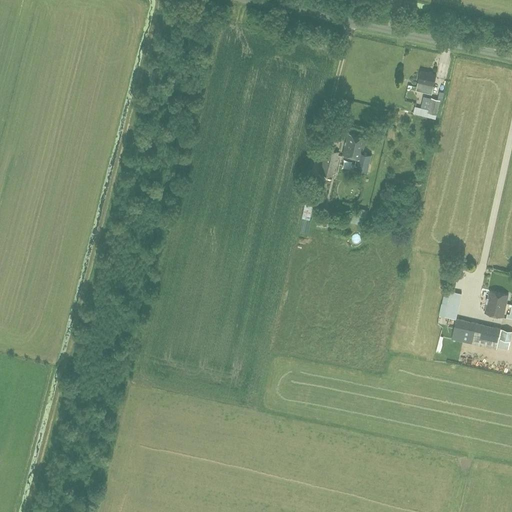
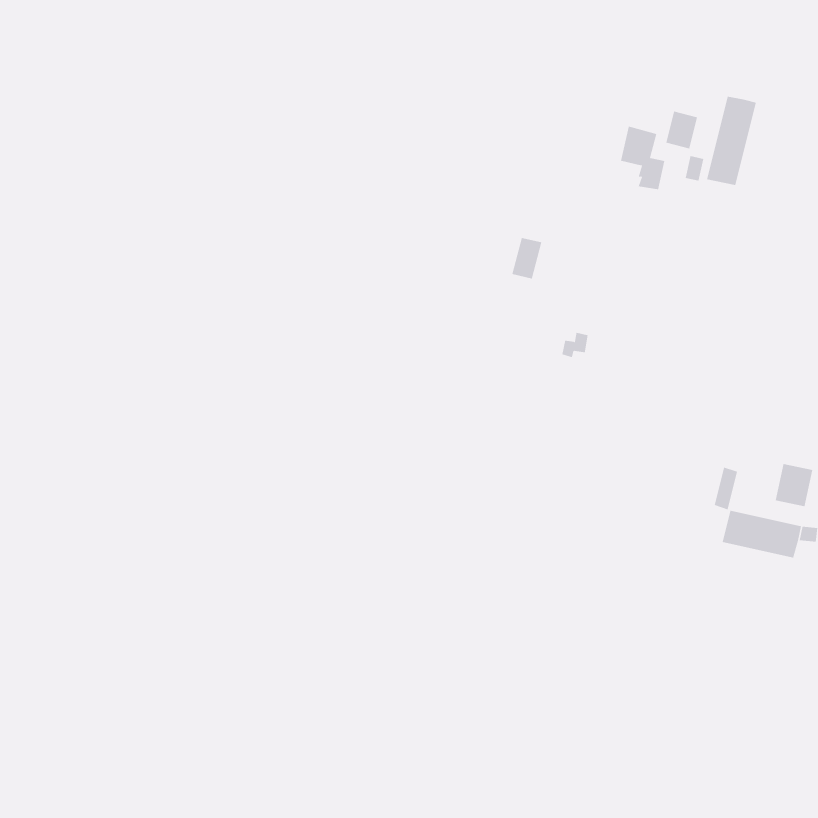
building: none -> [706,96,757,186]
building: [342,132,370,172] -> [620,126,665,190]

